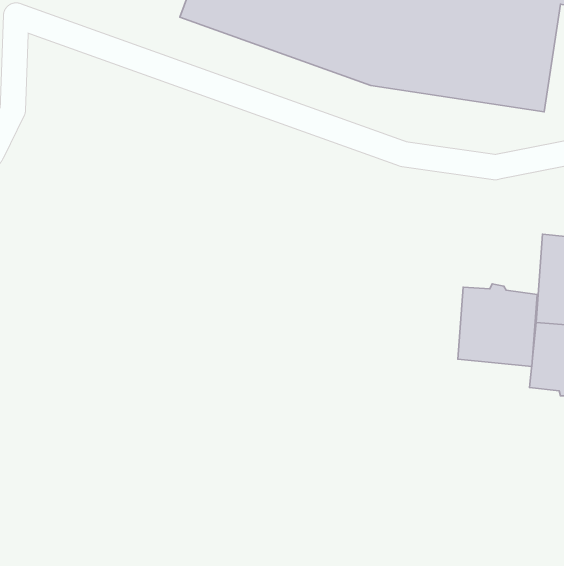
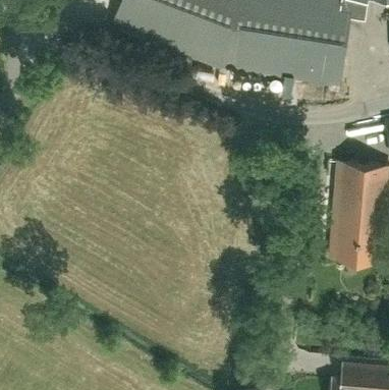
building: [458,284,537,366] -> none

